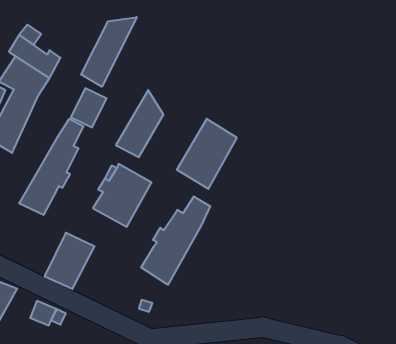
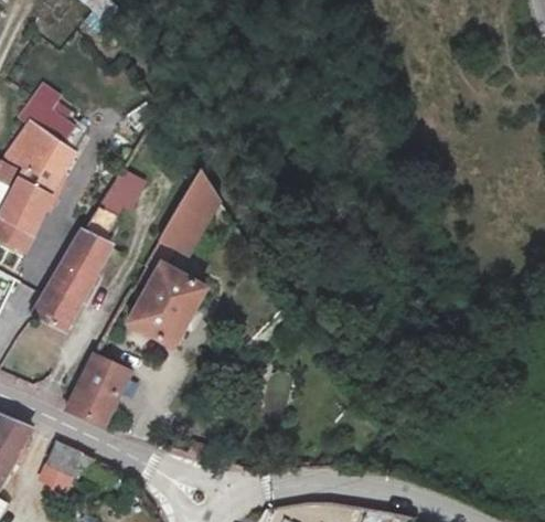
building: [81,17,137,87] -> none
building: [177,119,237,189] -> none
building: [141,196,210,285] -> none

